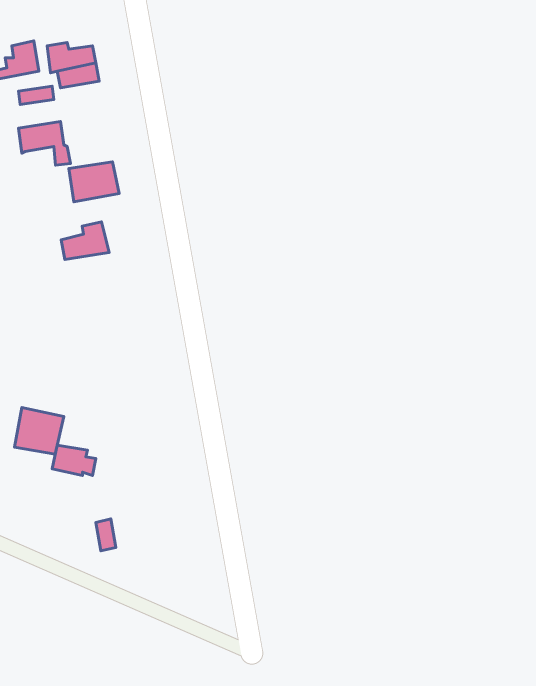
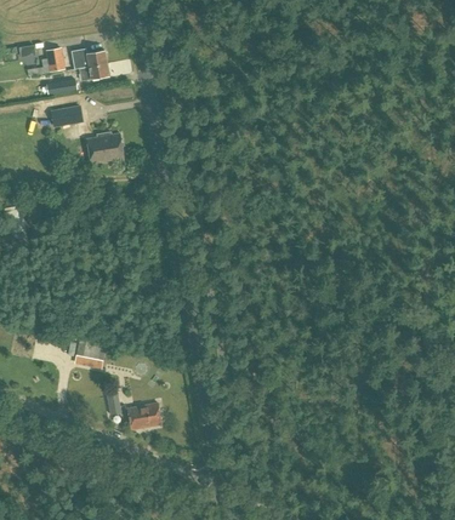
building: [61,222,109,260] -> none
building: [15,408,64,454] -> none
building: none -> [126,402,160,429]

